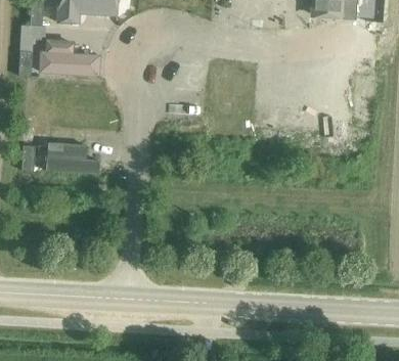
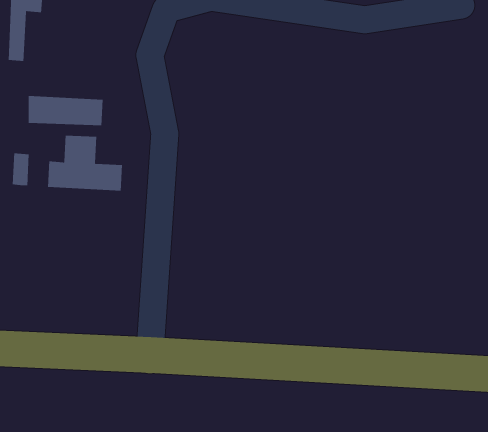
building: [43,52,100,76] -> [28,95,103,126]

